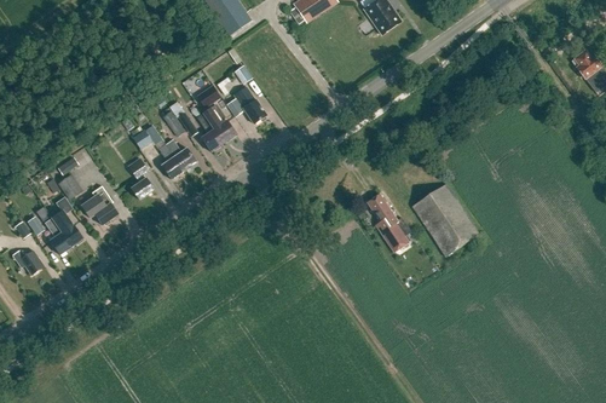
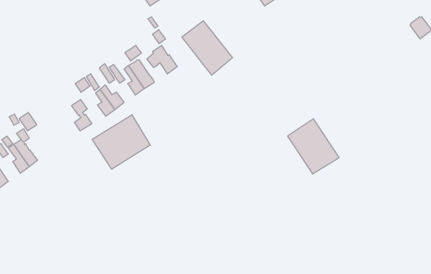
building: none -> [182,21,232,75]
building: none -> [92,115,150,169]
building: [81,185,117,224] -> none
building: [367,194,411,252] -> none

